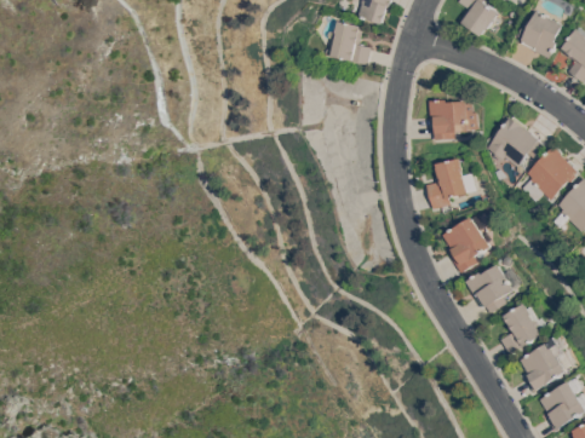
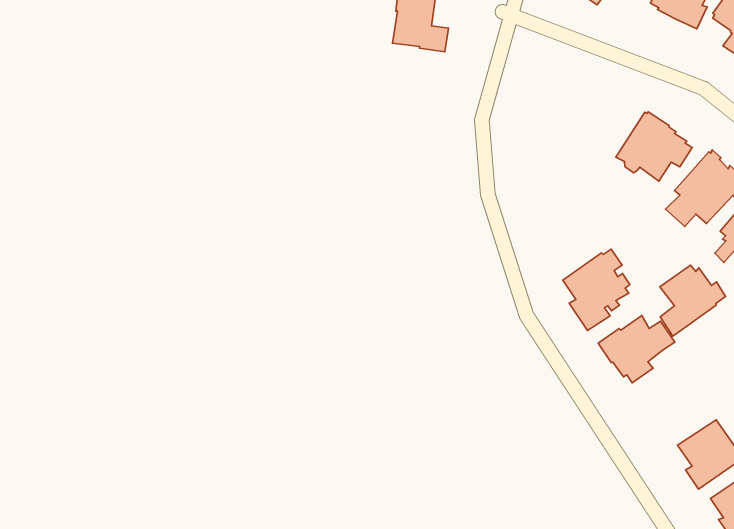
building: [429,99,478,139] -> none
building: [426,159,476,208] -> none
building: [500,304,549,355] -> [660,265,726,336]

